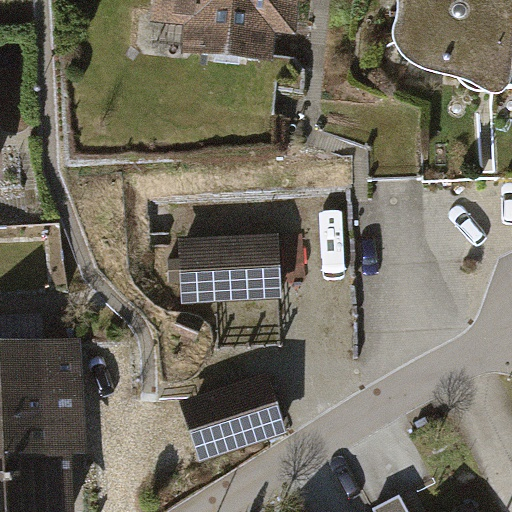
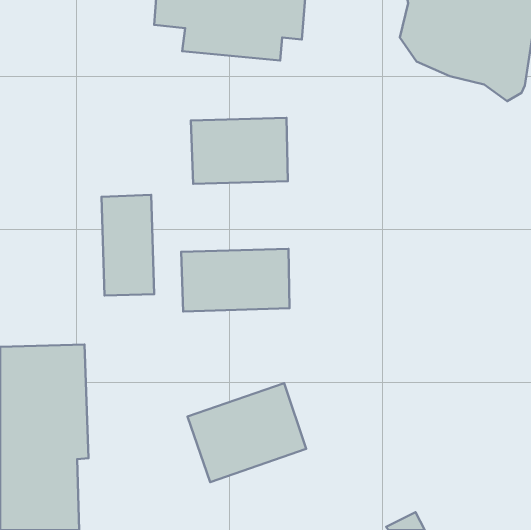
building: none -> [191,118,288,184]
building: none -> [102,195,154,295]

